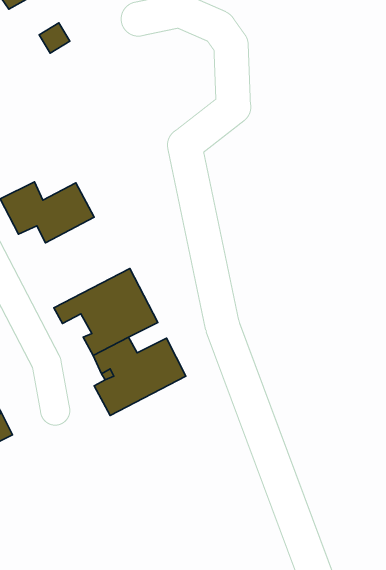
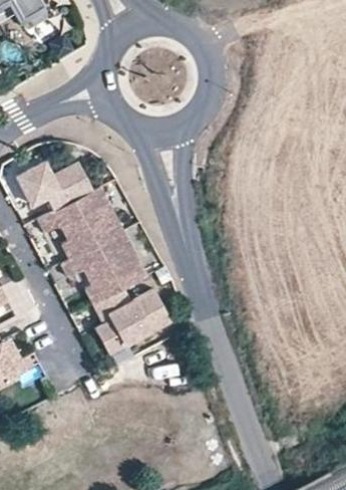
building: none -> [37,187,122,259]

